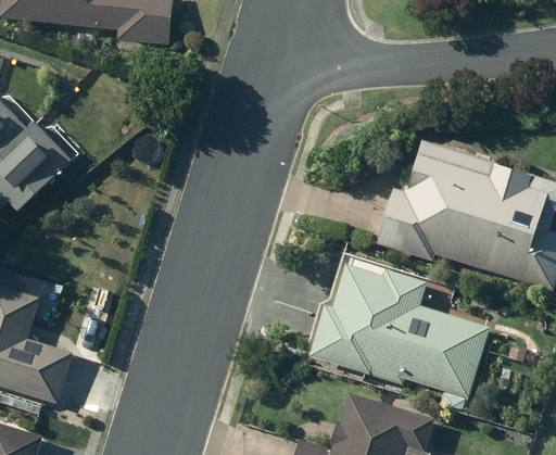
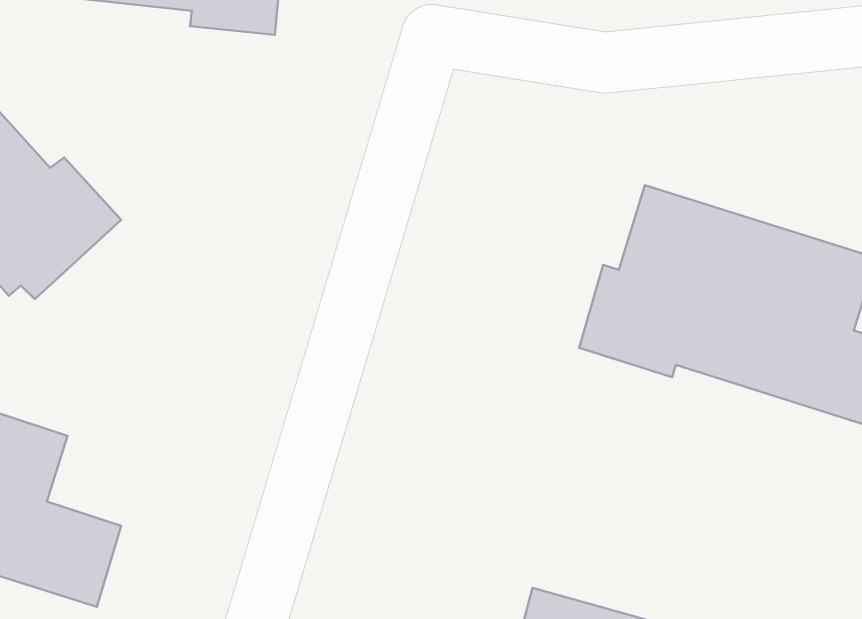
building: [303,249,484,390] -> none

